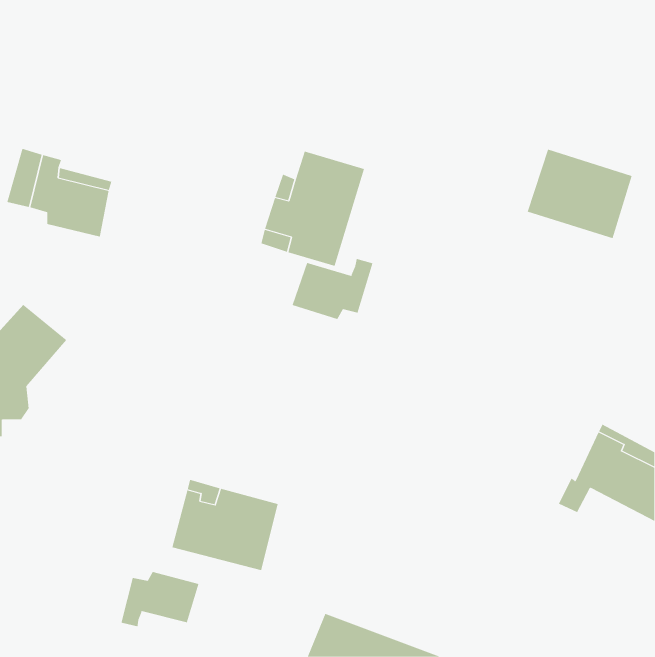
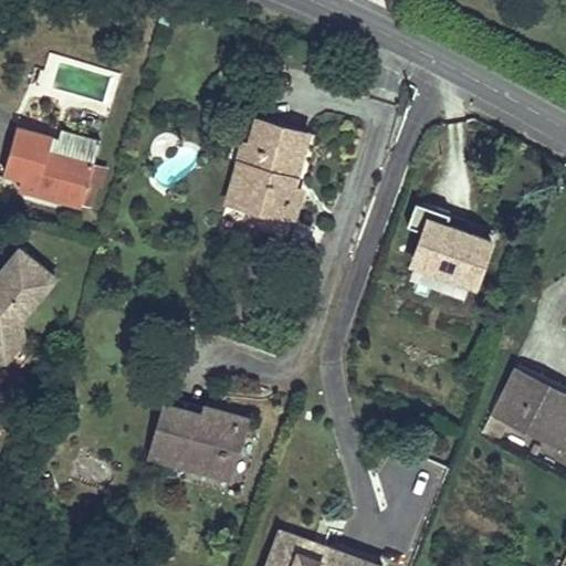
building: [527,149,633,239] -> [399,207,490,284]
building: [292,258,373,320] -> none
building: [121,571,199,627] -> none

